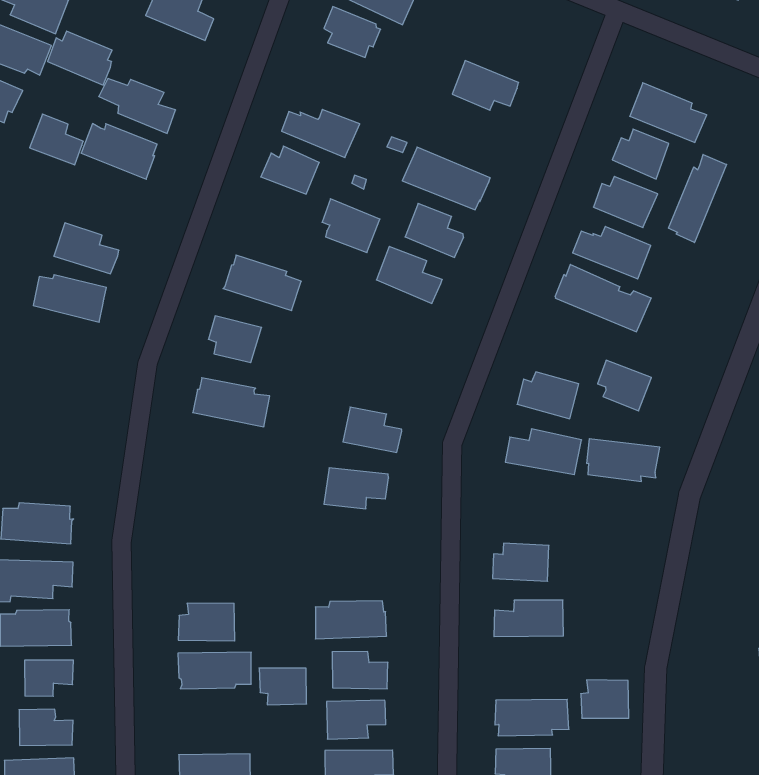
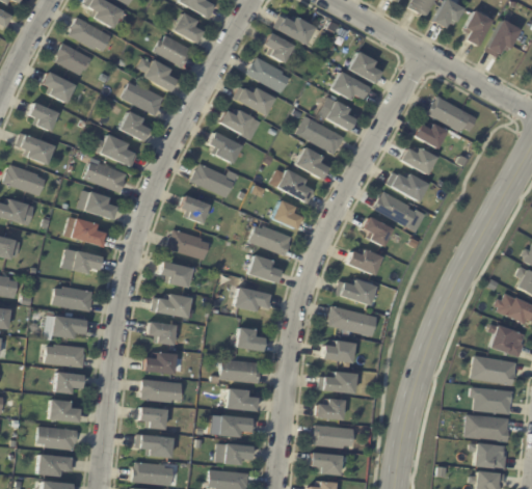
building: none -> [348,51,381,83]
building: [48,31,112,85] -> [155,34,191,66]
building: none -> [247,56,290,92]
building: none -> [325,100,355,130]
building: [30,114,83,165] -> [119,111,150,141]
building: [669,154,727,243] -> none
building: [322,199,380,253] -> [209,131,241,163]
building: none -> [272,199,302,228]
building: none -> [79,189,122,220]
building: none -> [248,224,292,255]
building: [598,360,651,411] -> [363,216,393,246]
building: none -> [71,218,106,246]
building: none -> [72,250,102,274]
building: none -> [159,261,192,288]
building: [587,439,660,481] -> [329,306,371,333]
building: none -> [151,293,193,319]
building: none -> [236,327,265,352]
building: none -> [148,322,176,345]
building: [259,668,307,705] -> [139,407,166,430]
building: [581,680,629,718] -> [316,398,344,422]

